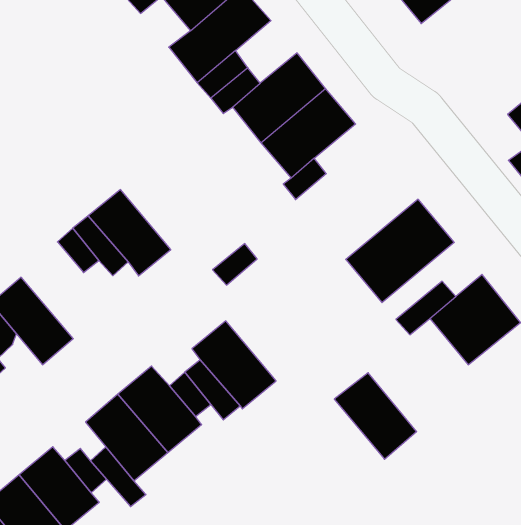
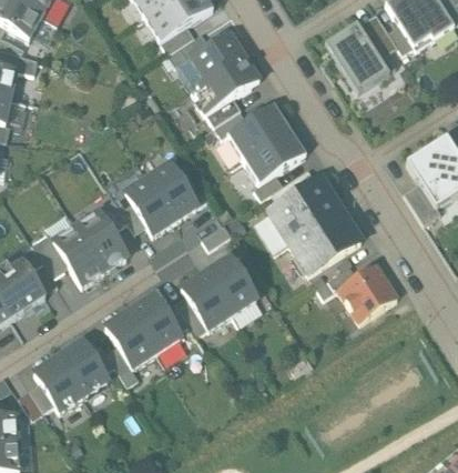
building: none -> [268,177,340,241]
building: none -> [147,162,197,220]
building: none -> [75,210,128,270]
building: [334,373,417,459] -> [205,256,256,314]

